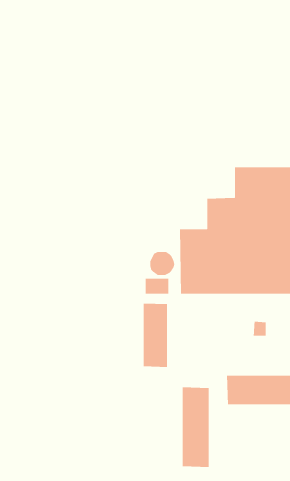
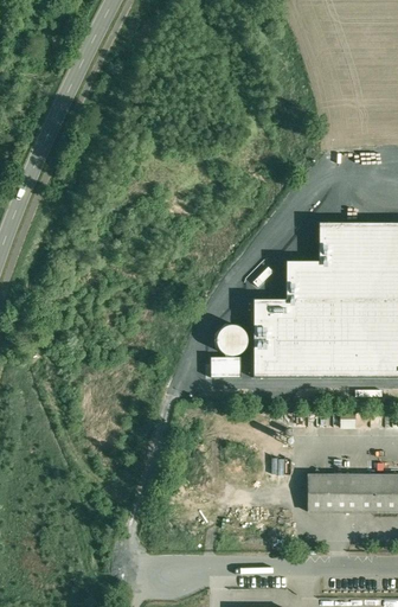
building: [143,303,168,368] -> none
building: [182,386,209,468] -> none

